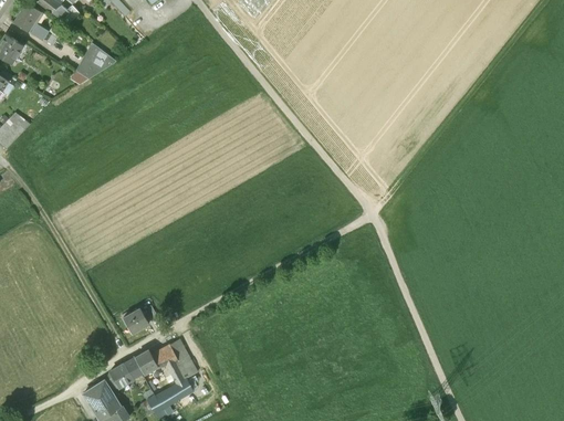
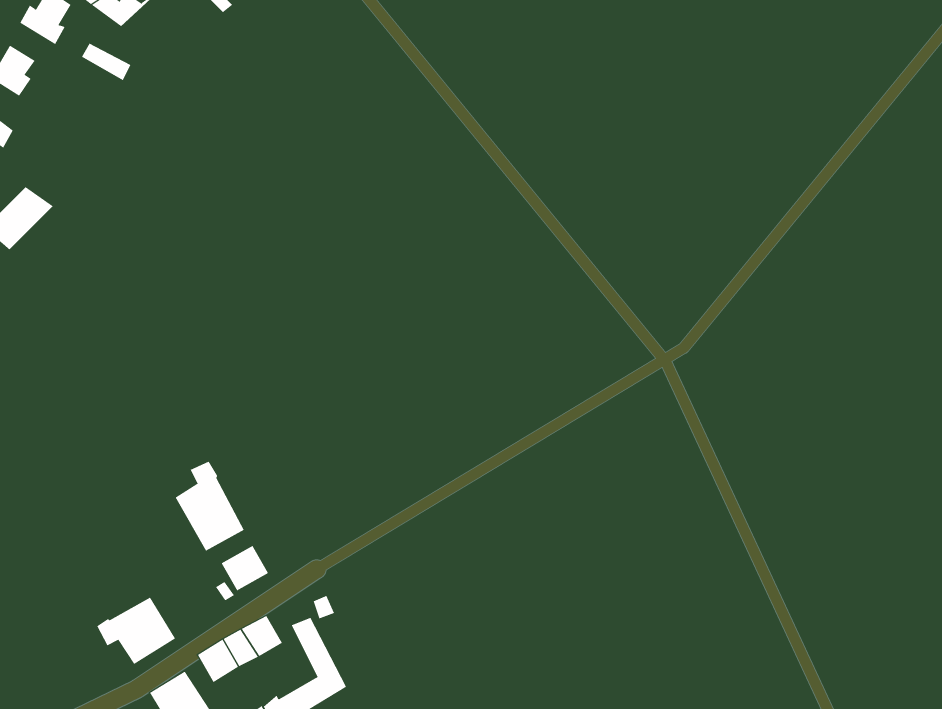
building: [73,42,115,82] -> none
building: none -> [175,461,244,552]
building: none -> [97,597,176,665]

